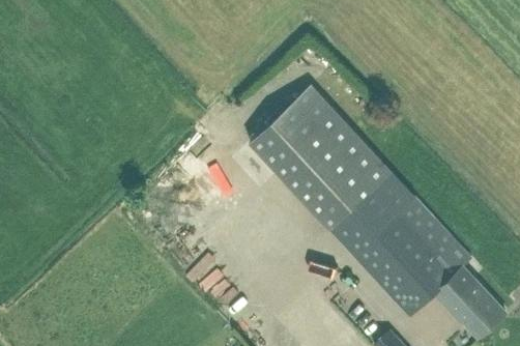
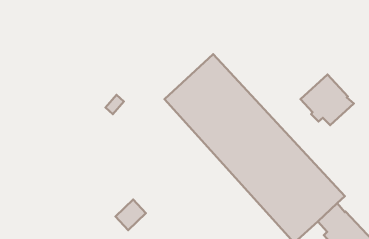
building: none -> [301,75,354,125]

